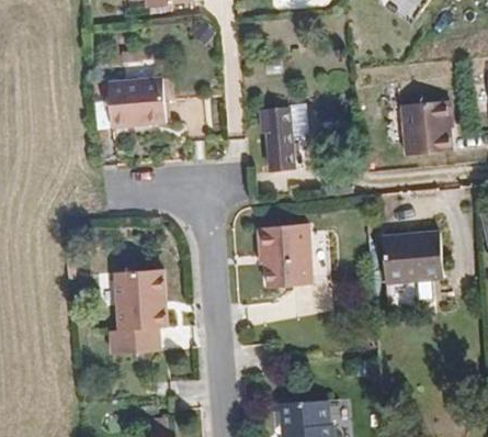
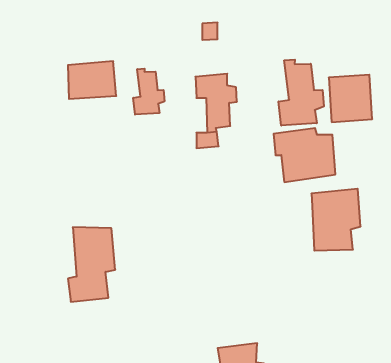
building: none -> [279,60,324,126]
building: none -> [133,69,164,115]
building: [254,225,325,287] -> [274,128,335,182]

